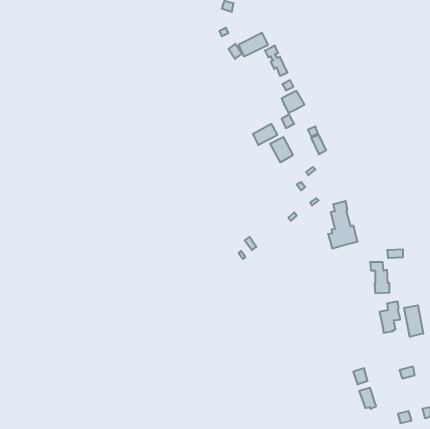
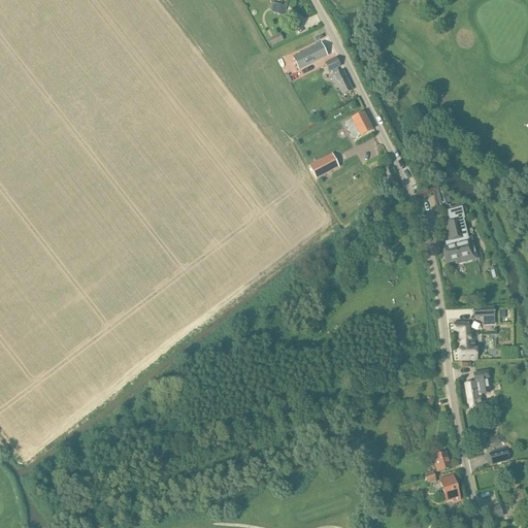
building: [270,137,293,162] -> none
building: [328,201,358,248] -> [441,205,477,263]
building: [404,305,423,337] -> none

